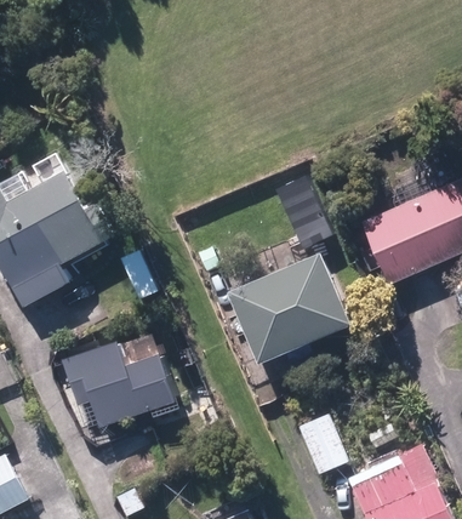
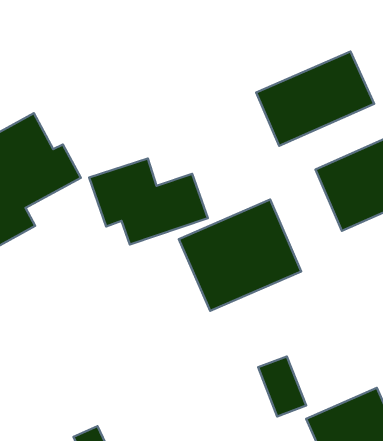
building: none -> [256,51,374,146]
building: [61,340,181,427] -> [89,158,208,245]

